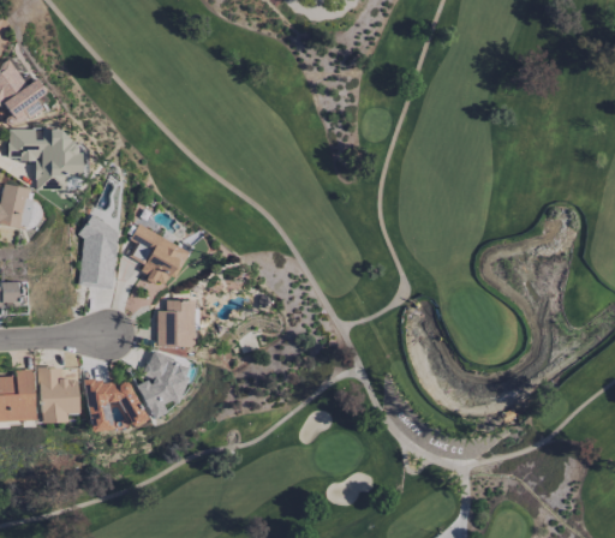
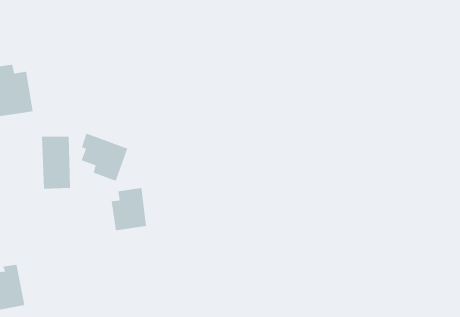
building: [137,349,187,419] -> none
building: [40,367,79,424] -> none
building: [85,379,145,432] -> none

